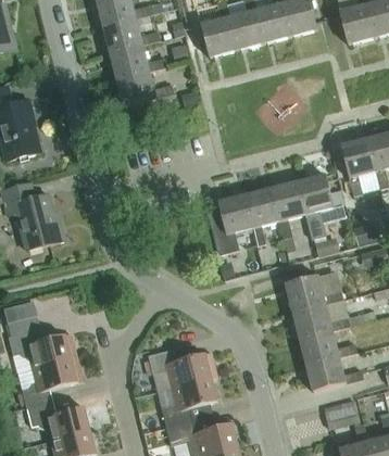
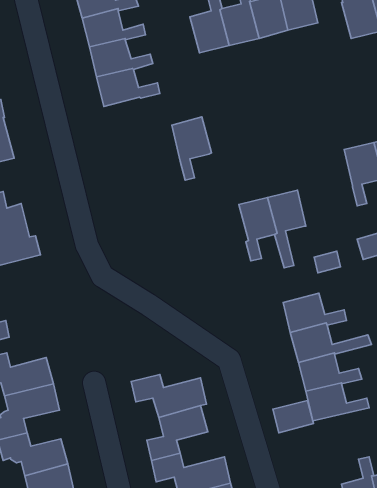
building: [299,173,335,238] -> none
building: [218,193,254,251] -> [172,117,211,180]
building: [324,398,361,428] -> [273,401,314,433]

